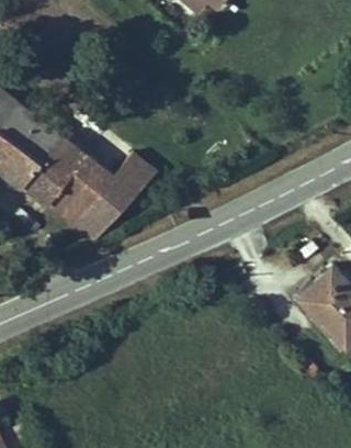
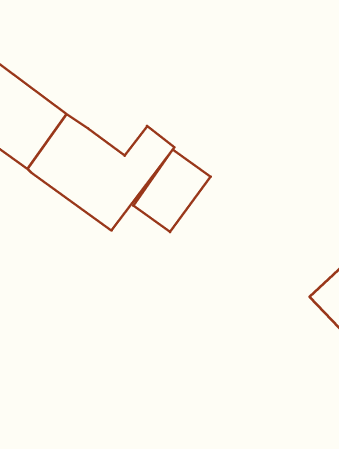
building: none -> [133,149,211,232]

